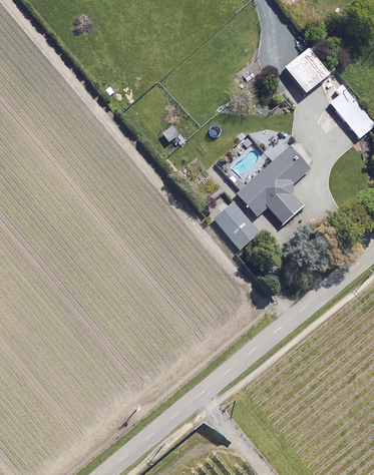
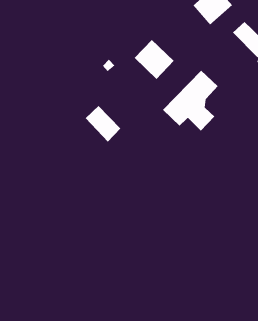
building: none -> [134,39,175,80]
building: [214,202,258,250] -> [85,105,121,143]

